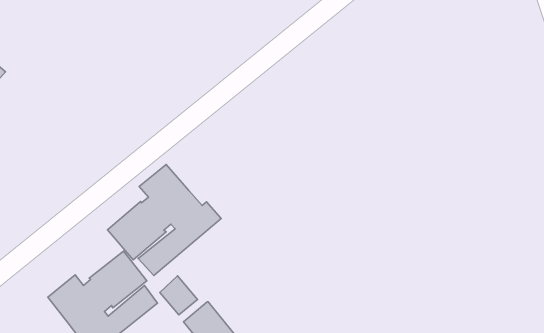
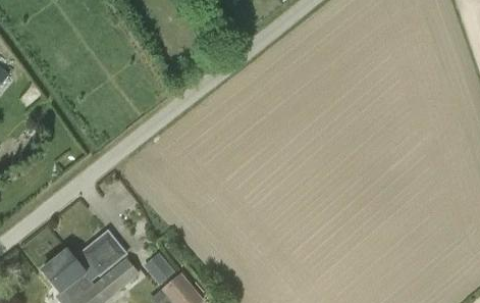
building: [107,164,221,276] -> none

